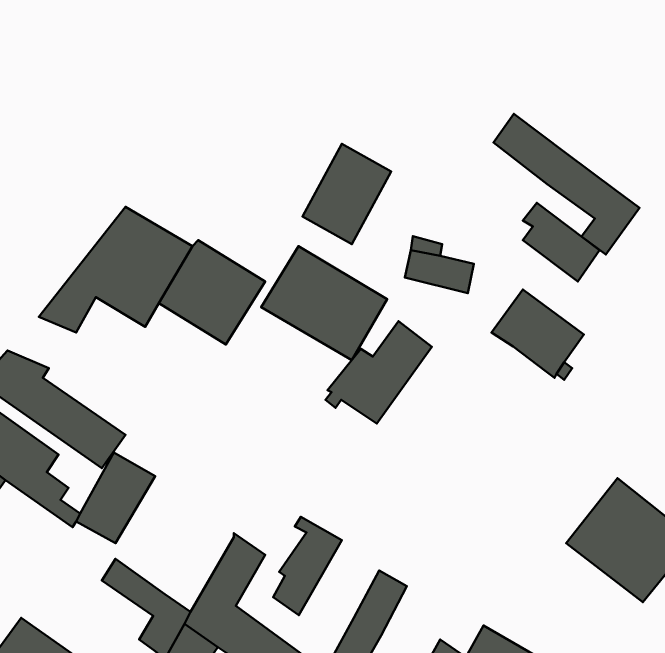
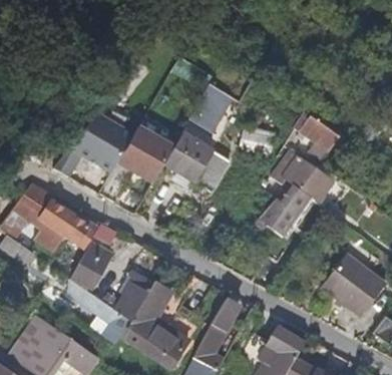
building: [493,114,639,255] -> none
building: [326,321,432,424] -> [258,184,312,237]
building: [273,517,342,615] -> [117,270,152,320]

